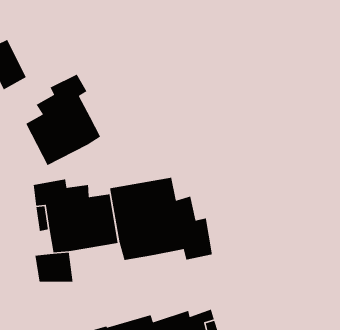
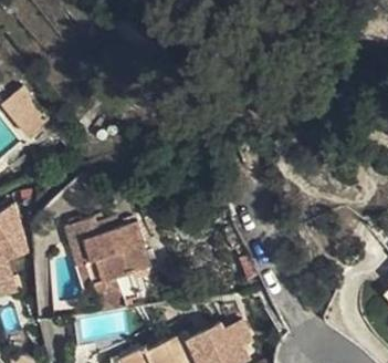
building: [25,73,101,166] -> none
building: [109,177,213,261] -> none

